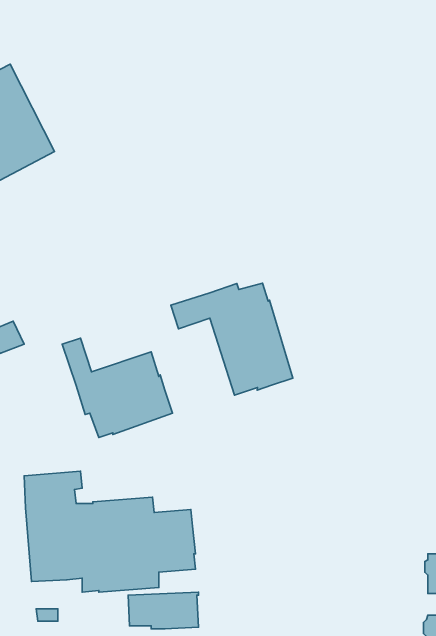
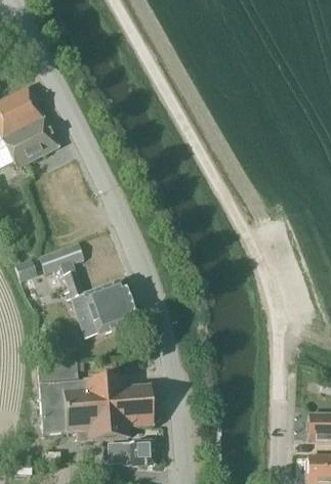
building: [171,283,293,395] -> none
building: none -> [39,240,84,274]

